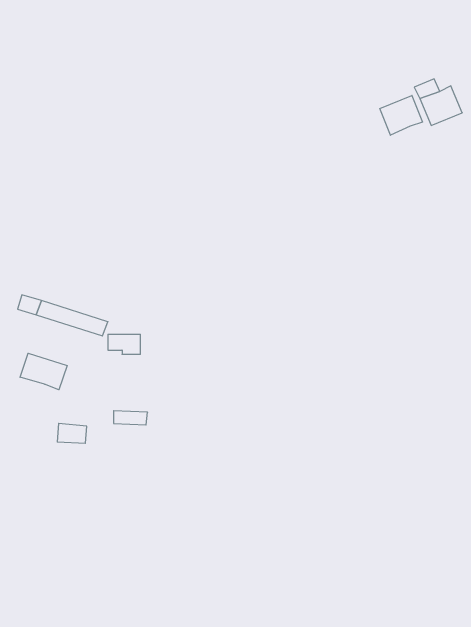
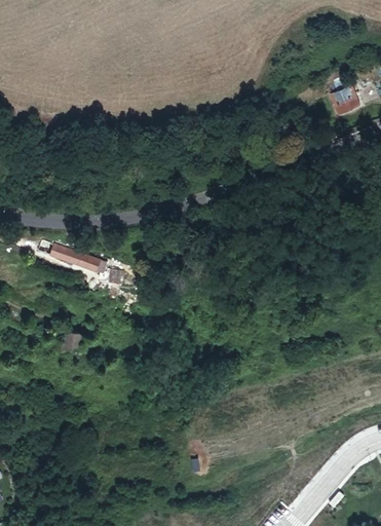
building: [380,95,422,135] -> none
building: [20,353,67,390] -> none

